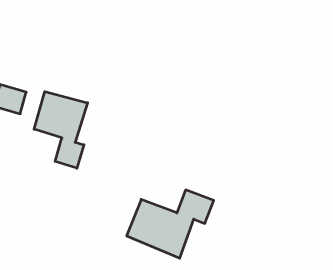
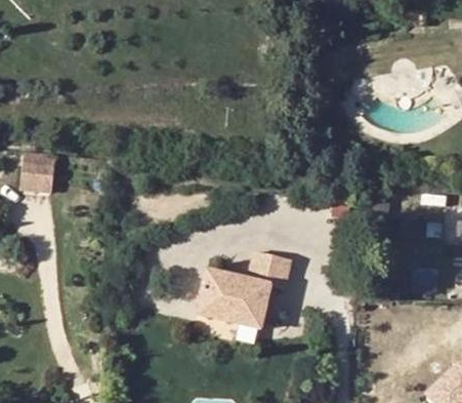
building: [34,92,88,168] -> none

